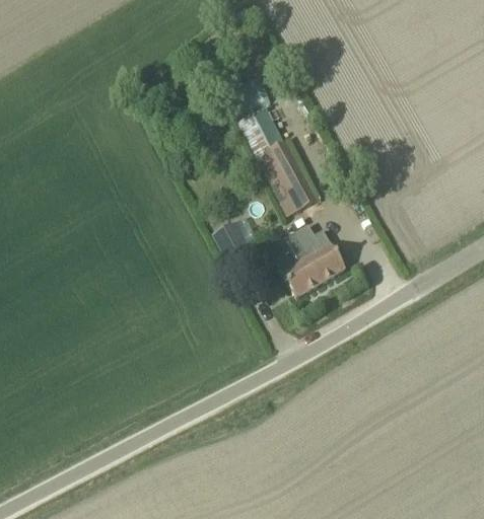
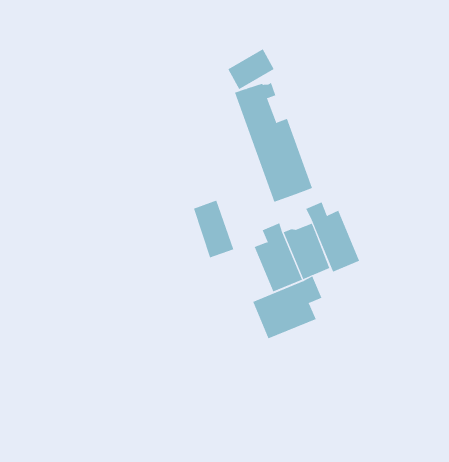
building: none -> [306,202,360,272]
building: none -> [253,276,322,339]

